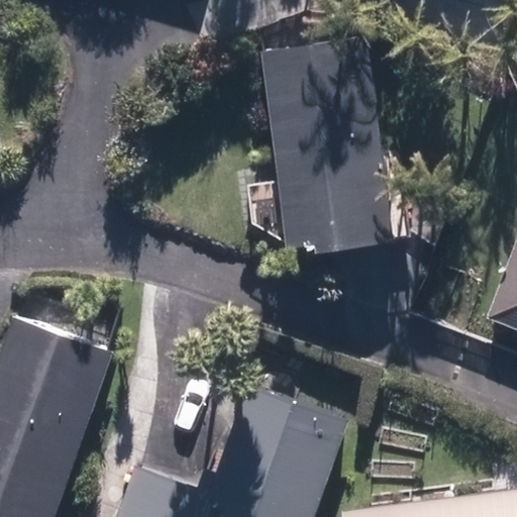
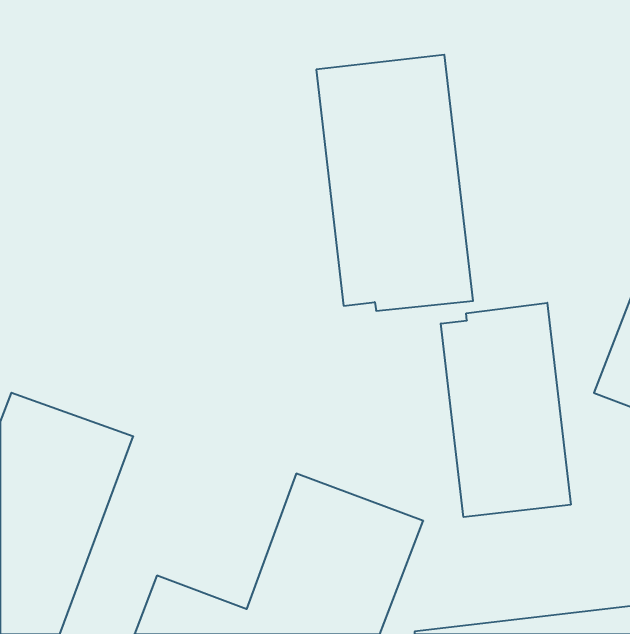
building: none -> [441,303,571,517]

